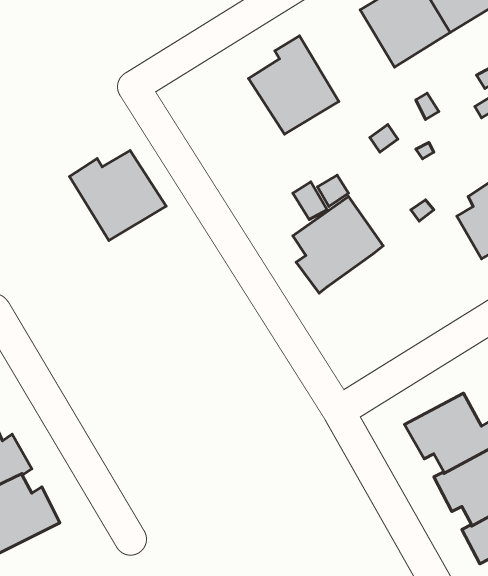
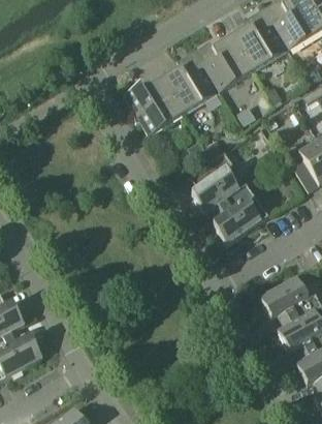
building: none -> [192,35,252,93]
building: [69,150,166,241] -> [122,79,183,135]
building: none -> [210,184,267,245]

